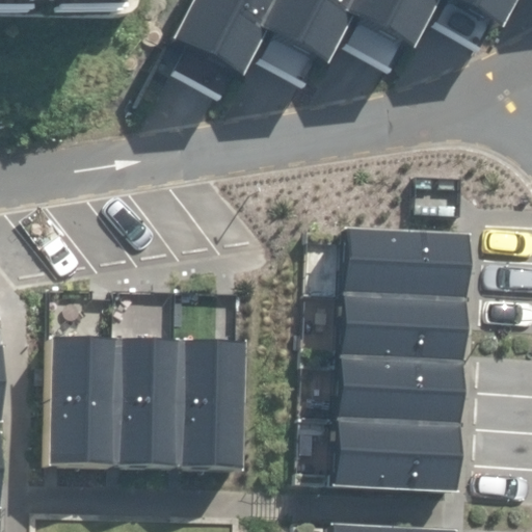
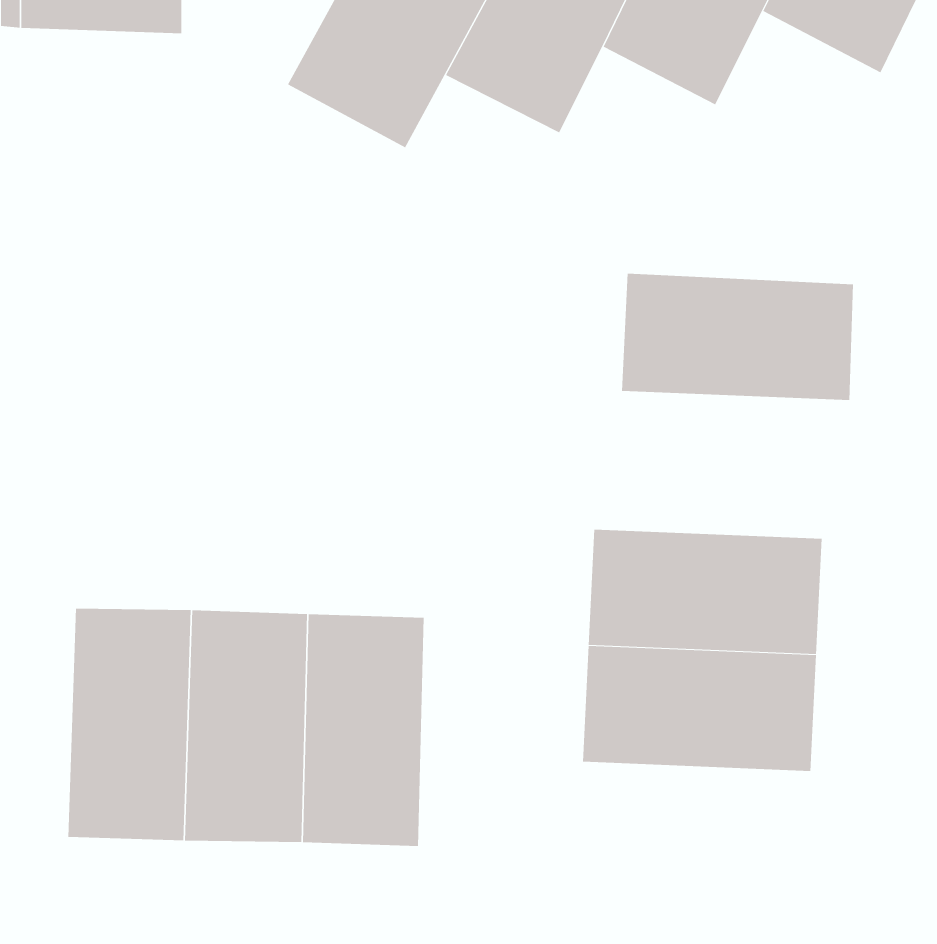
building: [341,228,470,298] -> [621,273,854,401]
building: [331,422,461,491] -> none

